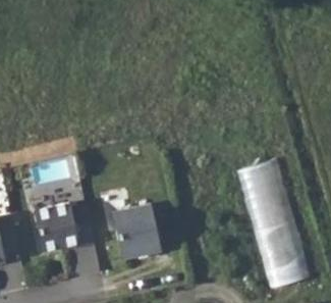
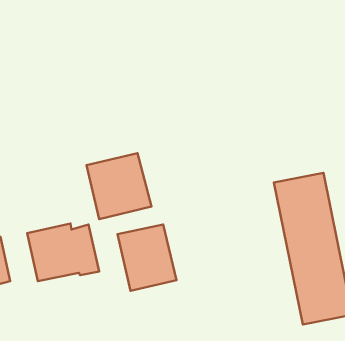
building: none -> [86,153,151,219]

